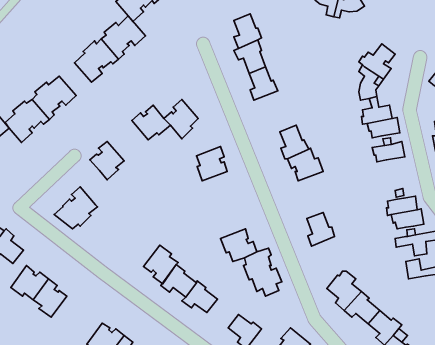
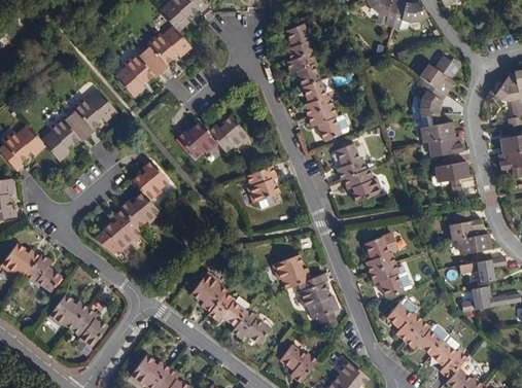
building: none -> [308,106,349,141]
building: none -> [119,191,161,228]
building: none -> [370,262,412,298]

